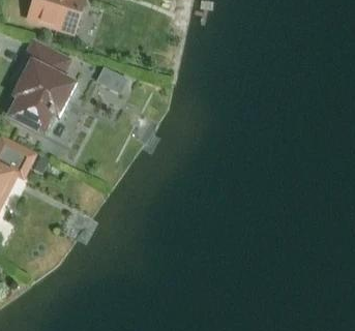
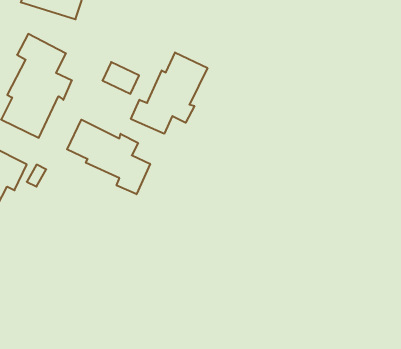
building: none -> [131,52,207,134]
building: none -> [67,120,150,194]

